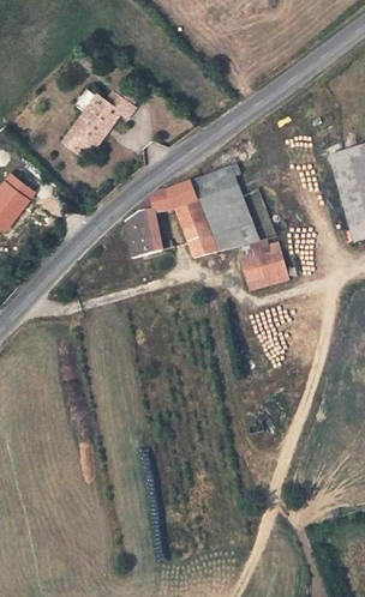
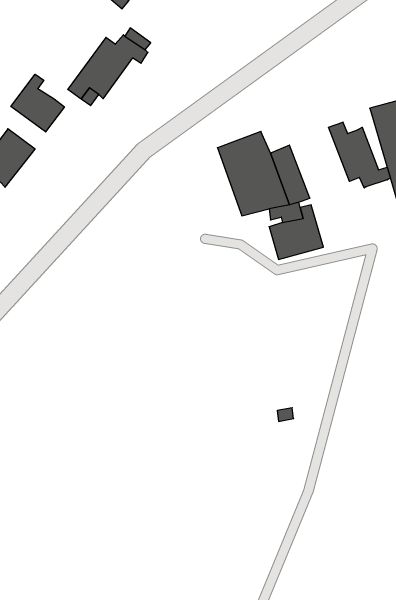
building: none -> [11,74,64,132]
building: [125,164,240,257] -> none
building: none -> [329,122,390,188]

